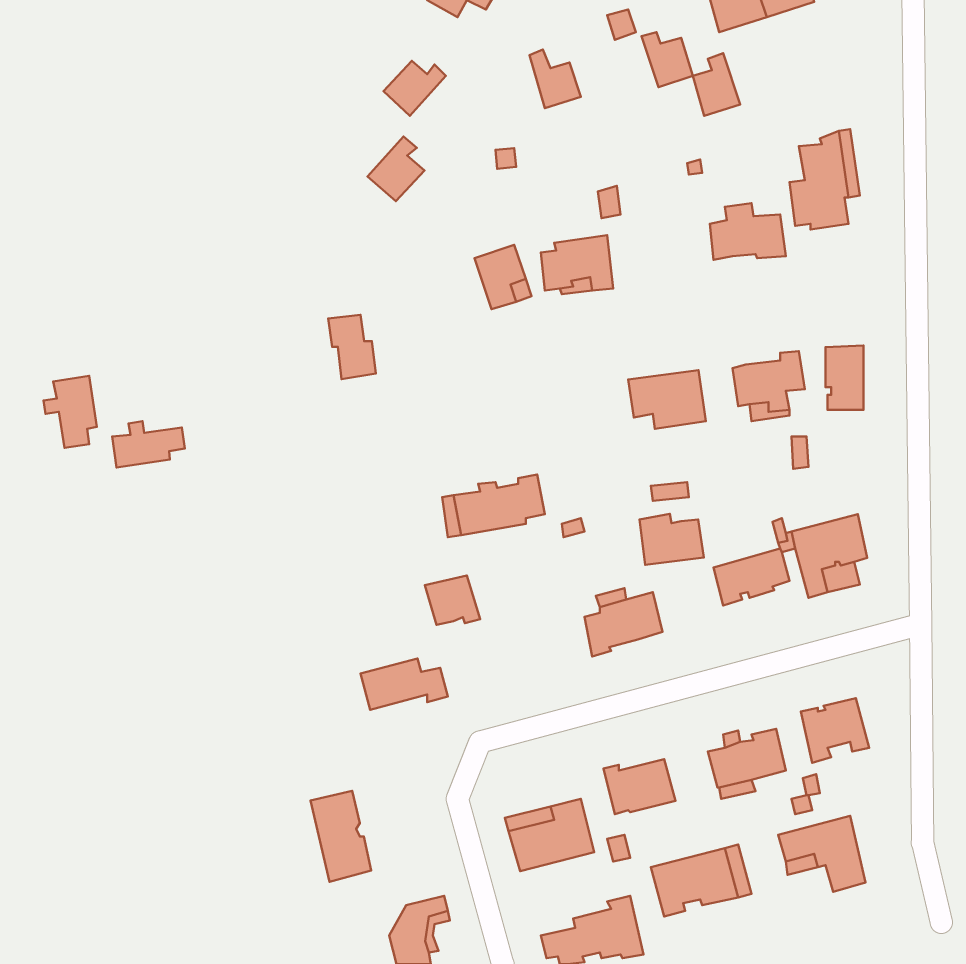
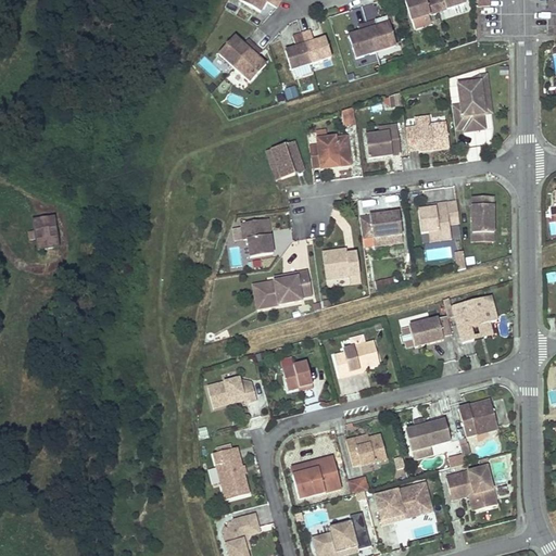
building: [693,53,740,116] -> [350,21,377,56]
building: none -> [287,31,312,68]
building: [367,136,424,201] -> [235,43,267,80]
building: none -> [365,125,401,157]
building: [328,315,376,379] -> [247,219,274,256]
building: [112,421,185,467] -> none
building: [639,514,704,565] -> [327,249,364,278]
building: [425,576,480,625] -> [281,361,313,389]
building: [311,791,371,882] -> [213,446,248,498]

